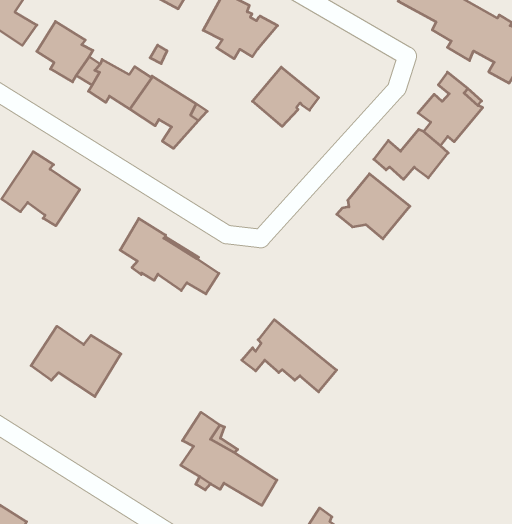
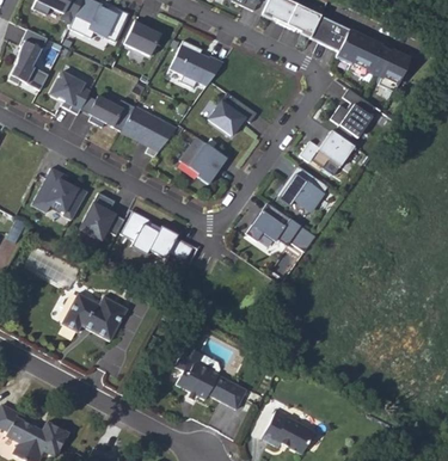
building: none -> [180,136,227,184]
building: none -> [80,191,125,239]
building: [242,320,337,392] -> [246,202,315,252]

